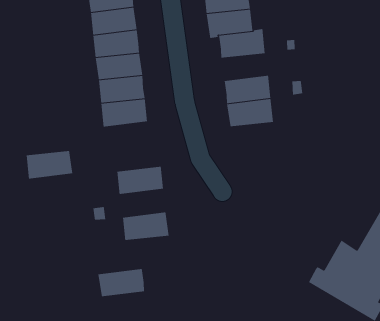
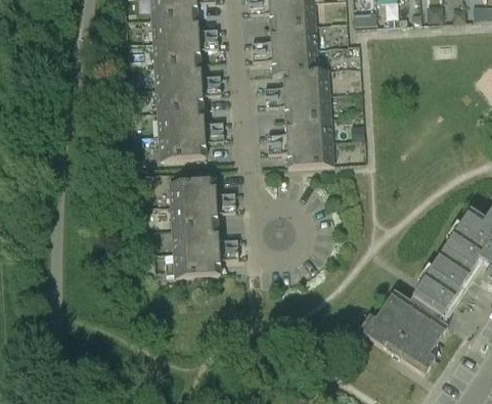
building: none -> [283,92,331,118]
building: [26,151,73,179] -> [170,177,217,204]
building: [98,268,145,297] -> [172,224,219,251]

